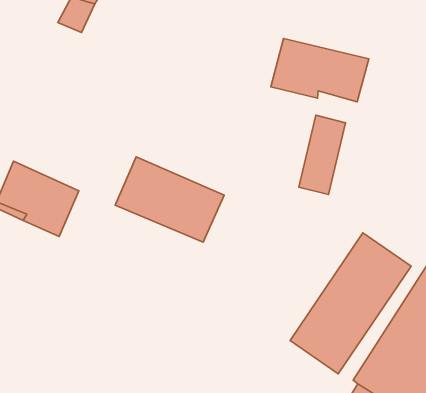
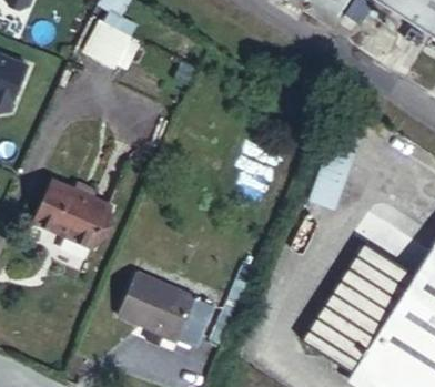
building: [271,38,369,102] -> none
building: [115,157,224,242] -> [119,267,216,344]

